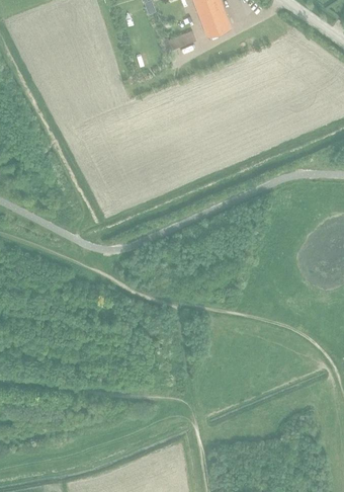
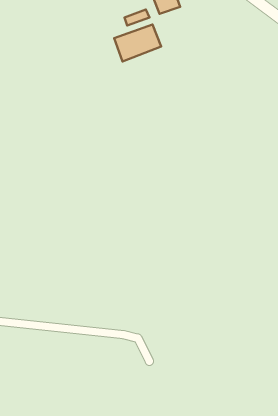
building: none -> [114,25,161,62]

